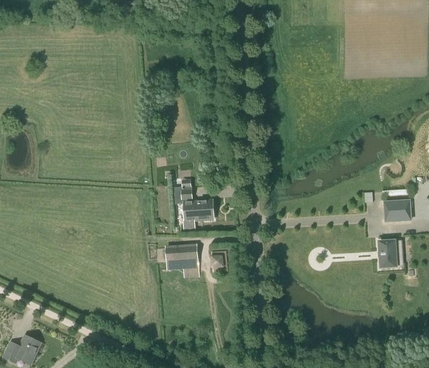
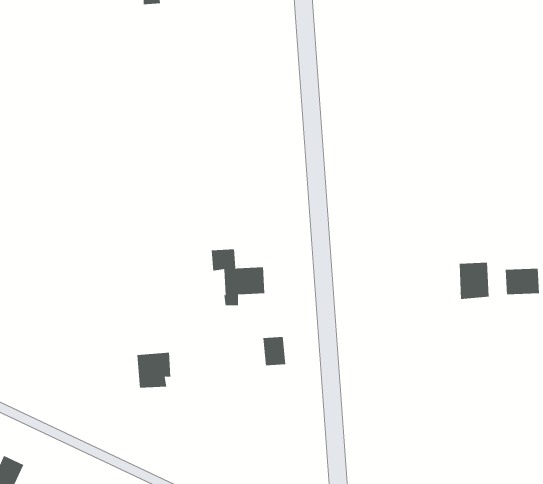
building: [379,240,401,267] -> [459,262,489,300]
building: [173,243,198,269] -> [136,352,171,388]

